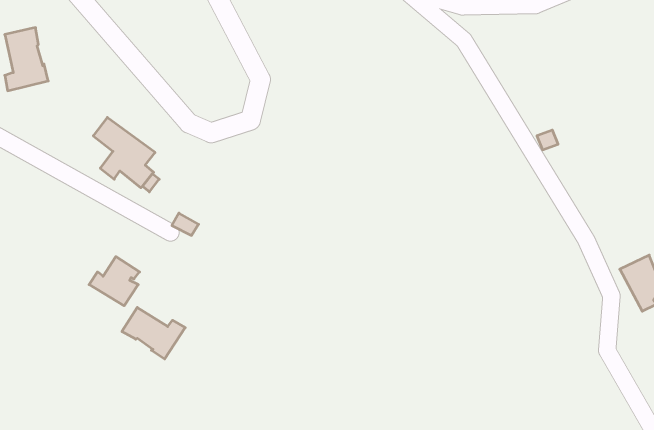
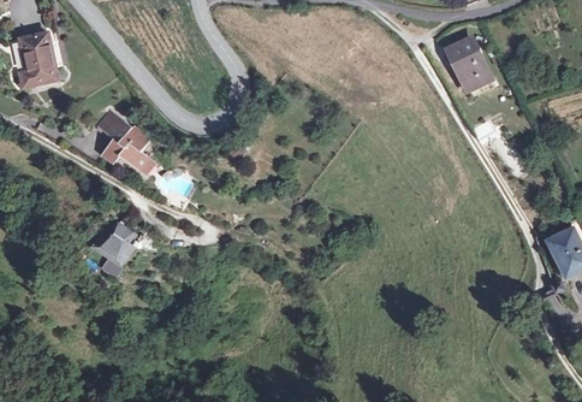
building: none -> [449,39,492,90]
building: [122,307,185,359] -> none

